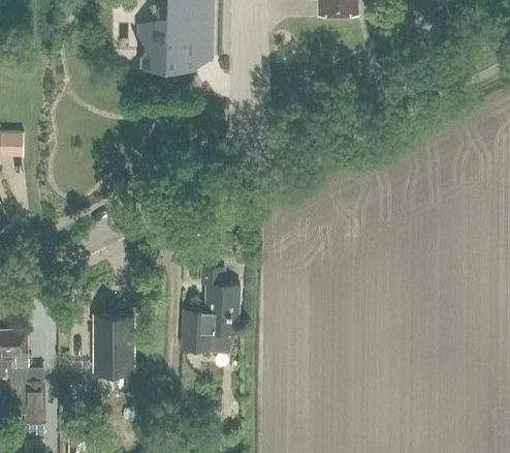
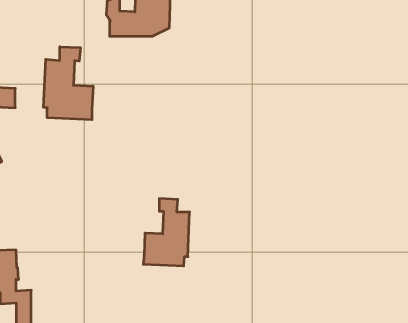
building: none -> [44,47,93,120]
building: [94,316,132,372] -> none

